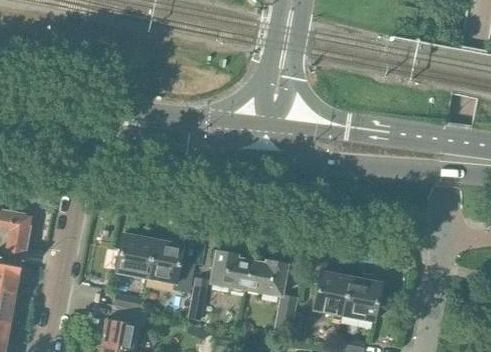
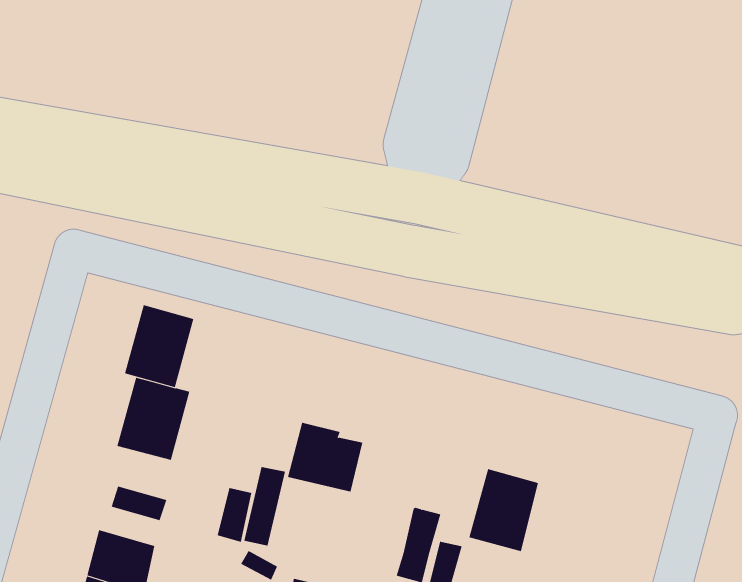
building: [144,238,181,283] -> [124,305,194,388]
building: [245,260,286,295] -> none
building: [342,276,379,321] -> none

